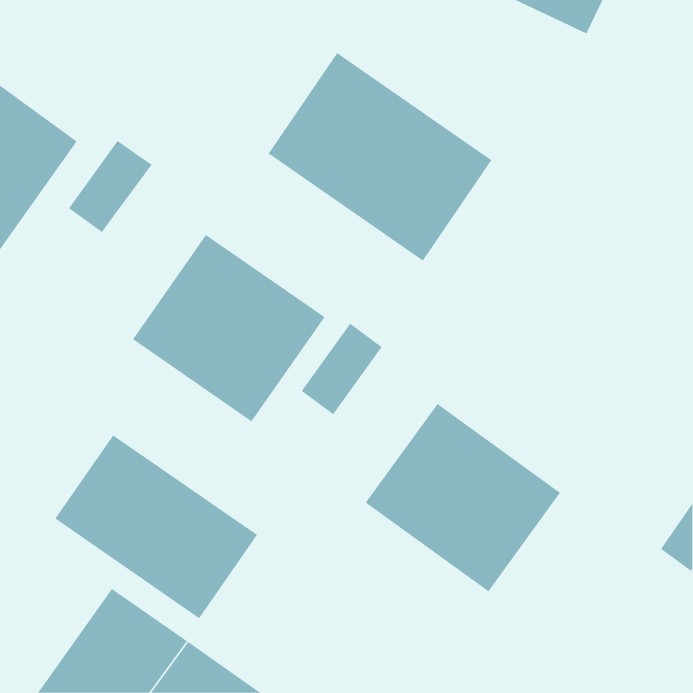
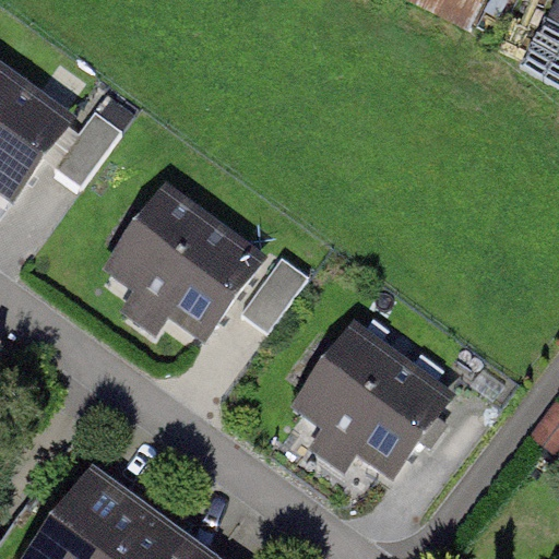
building: [268,52,492,261] -> none
building: [55,434,258,619] -> none

